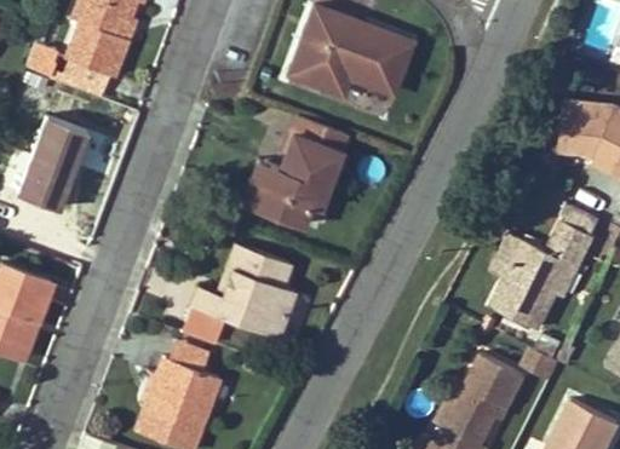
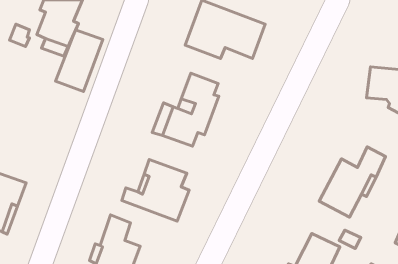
building: [17,117,88,211] -> [55,30,103,92]

